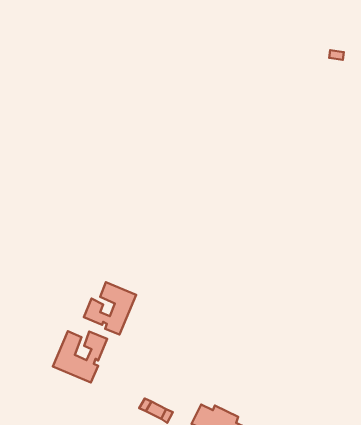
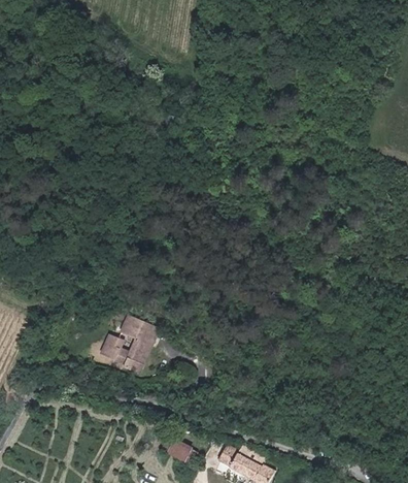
building: [53,331,107,383] -> none

